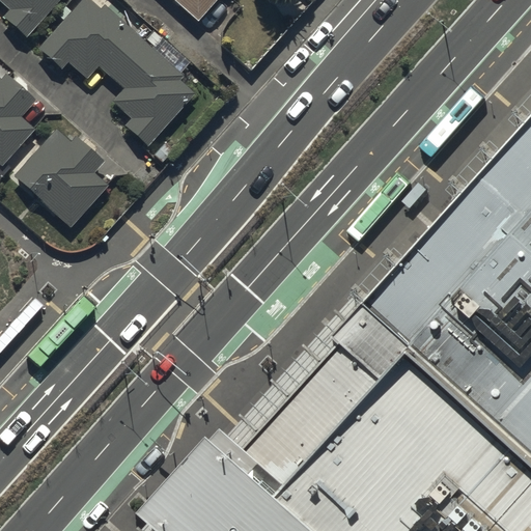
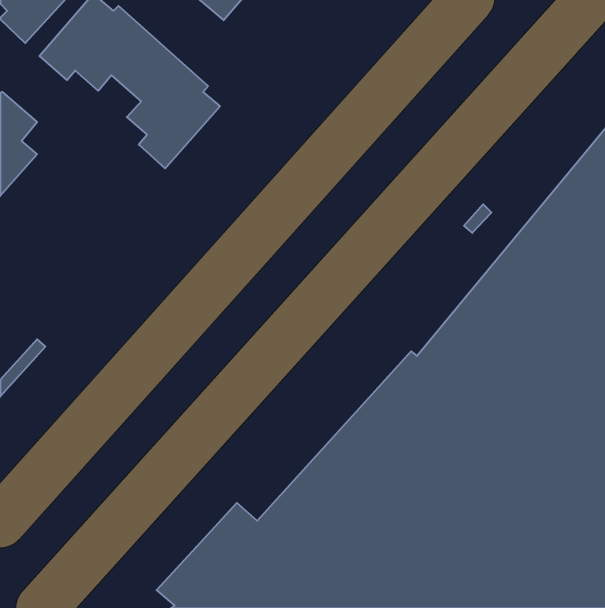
building: [16,135,111,233] -> none

